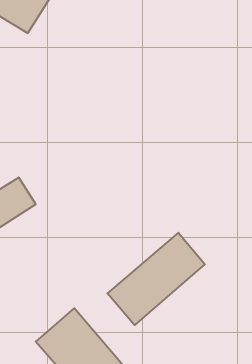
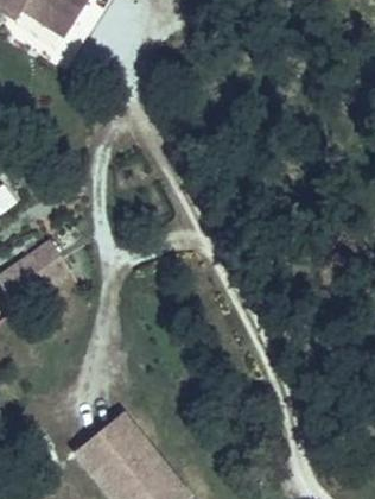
building: [107,233,205,325] -> none

